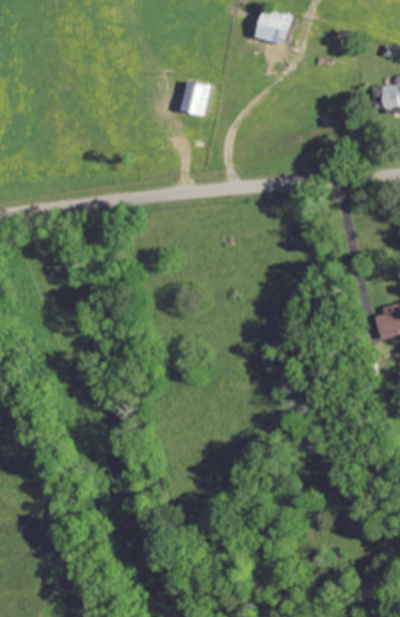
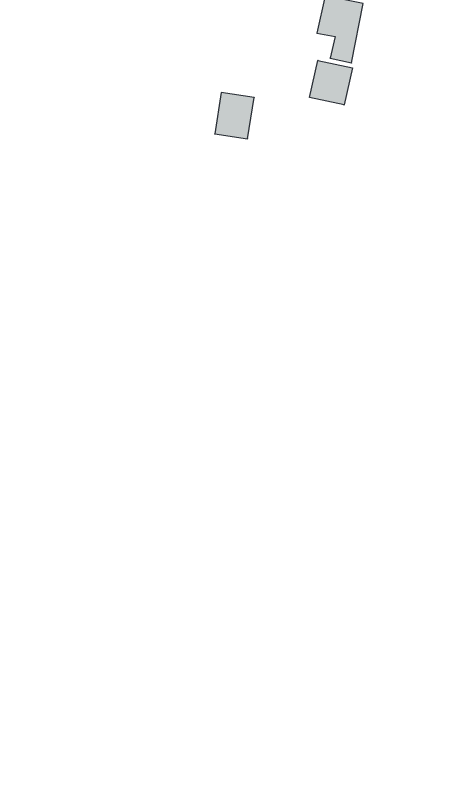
building: none -> [310,60,352,105]

